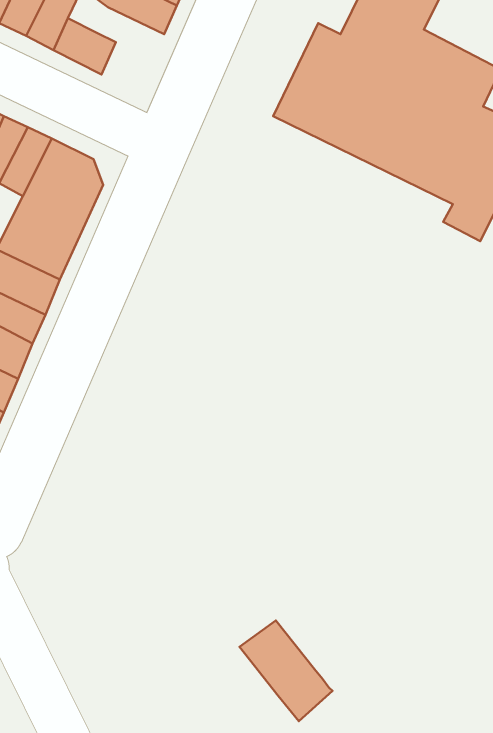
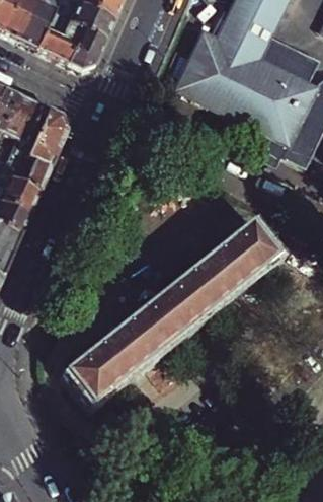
building: none -> [64,18,106,67]
building: none -> [68,225,274,402]
building: [240,621,333,721] -> none

